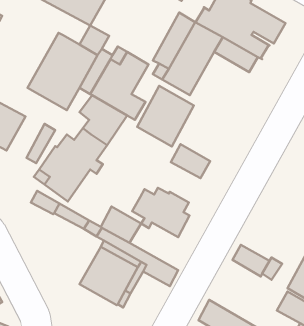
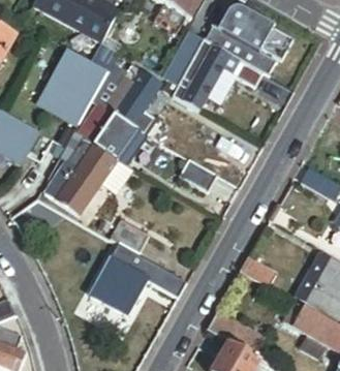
building: [137,86,194,147] -> none
building: [132,188,190,237] -> none

